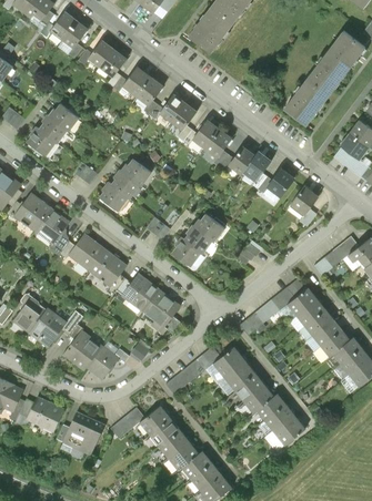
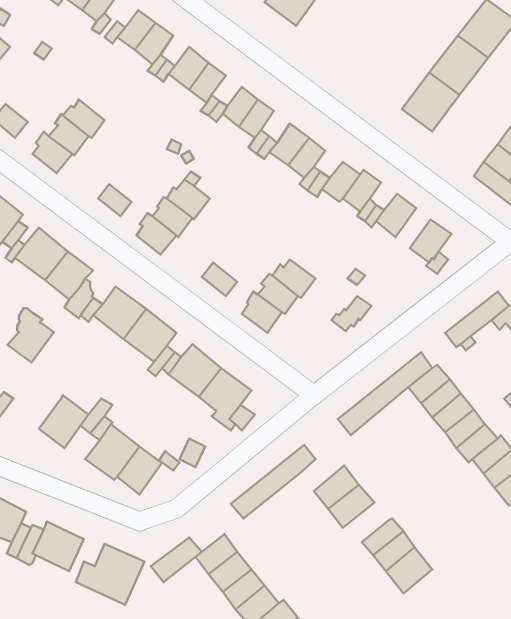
building: [16,294,48,331] -> [7,308,54,363]
building: [213,345,244,375] -> none
building: [243,382,275,412] -> none

